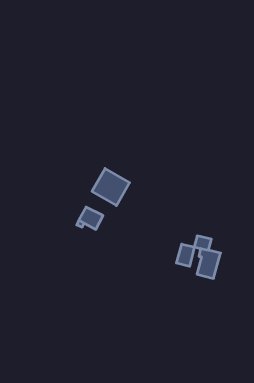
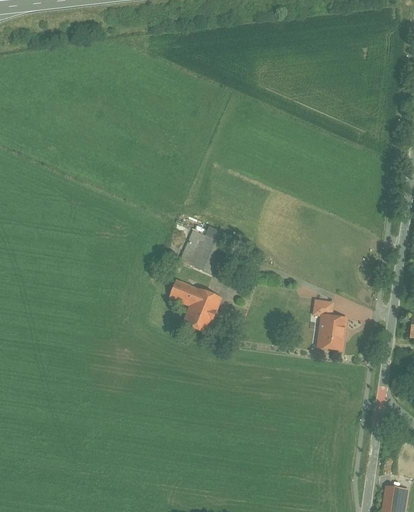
building: none -> [183,287,220,333]
building: [176,244,194,266] -> none

